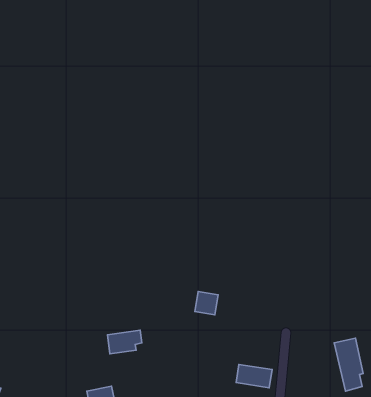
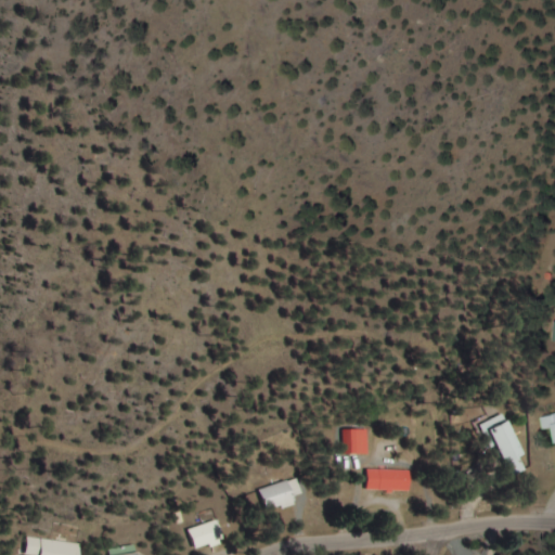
building: [195,292,218,315] -> [345,428,370,453]
building: [107,330,142,354] -> [259,478,302,513]

